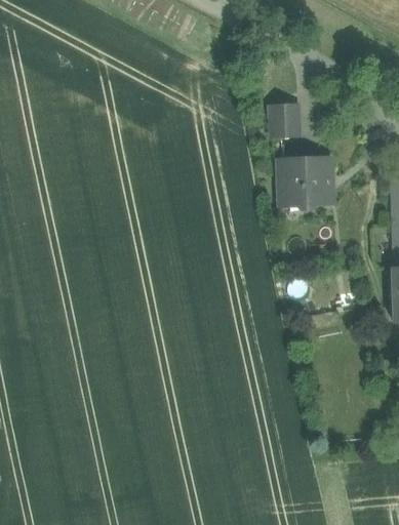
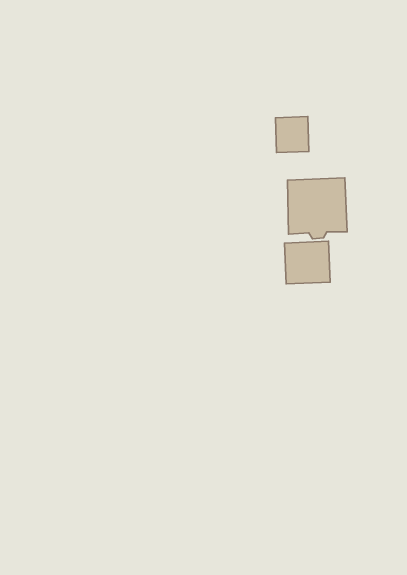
building: none -> [285,241,330,284]

